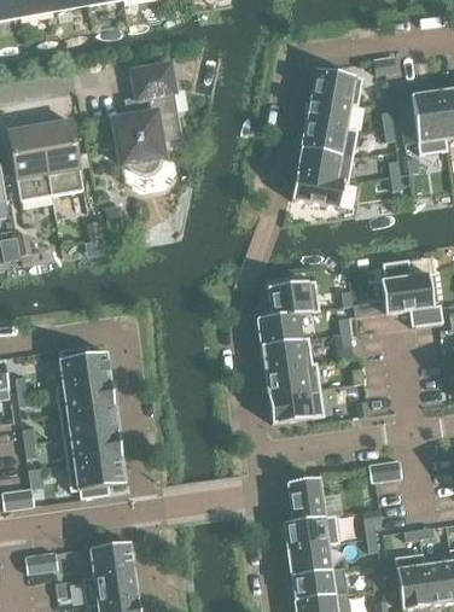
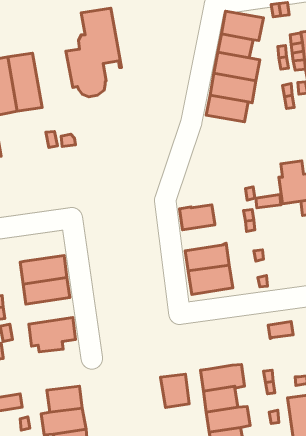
building: [267,280,320,316] -> none
building: [261,336,313,371] -> none
building: [58,345,111,384] -> none
building: [63,430,122,464] -> none
building: [287,478,324,520] -> [161,374,189,408]

